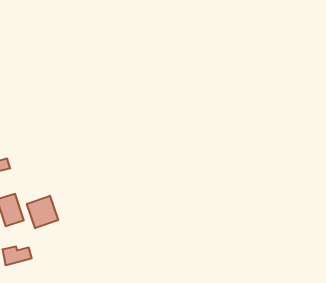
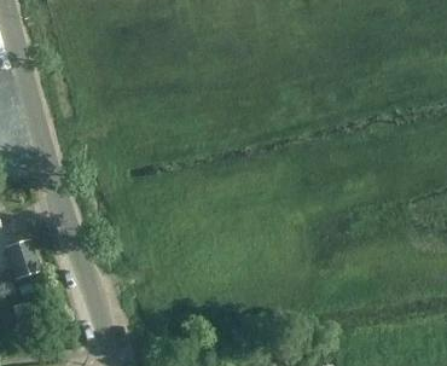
building: [27,196,58,228] -> none

